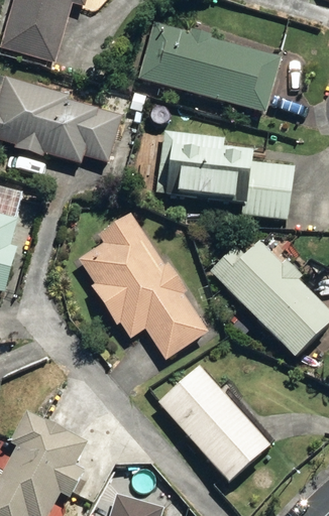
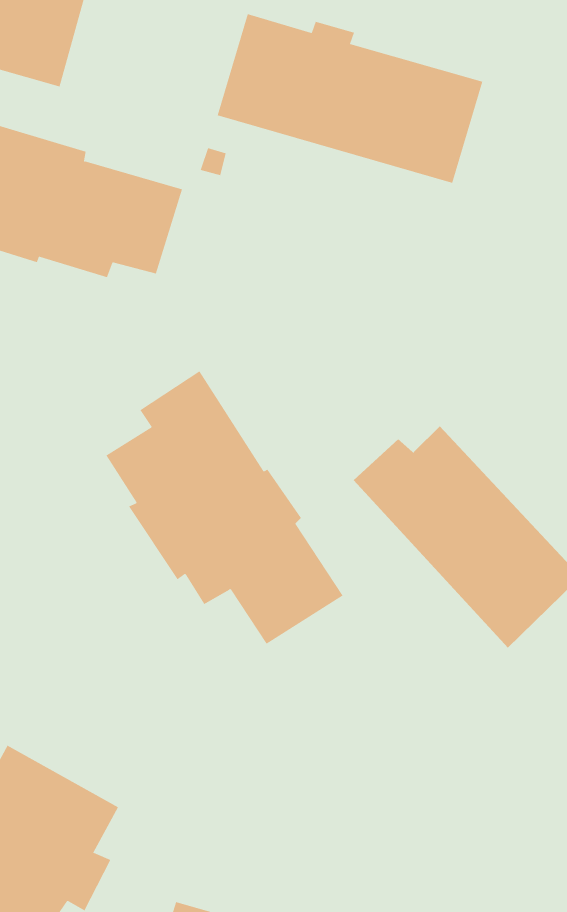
building: [158,130,294,219] -> none
building: [159,369,269,485] -> none

